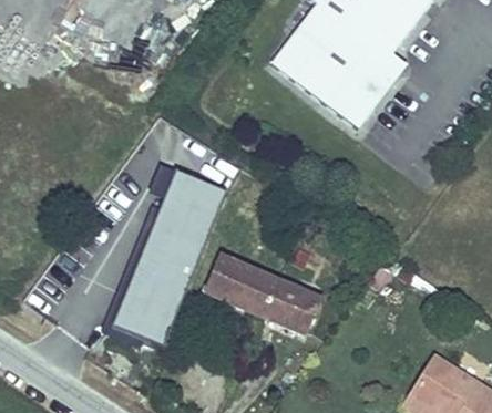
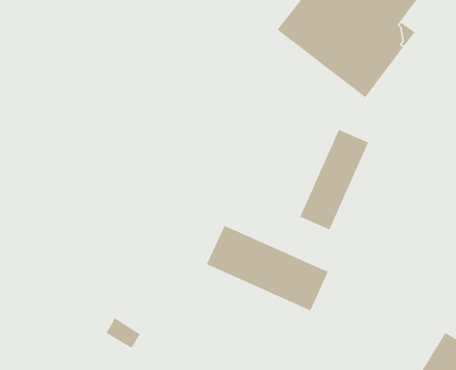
building: none -> [299,129,369,230]
building: [113,169,226,343] -> none

